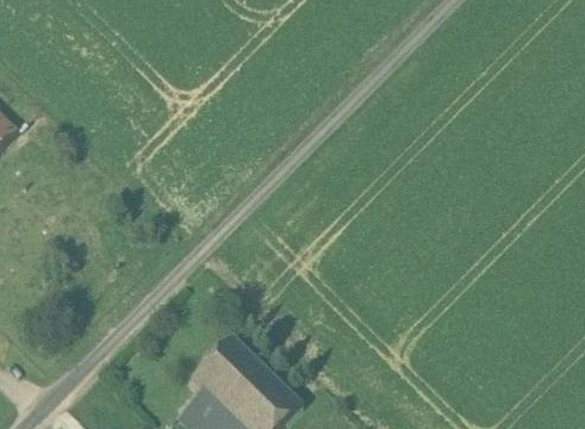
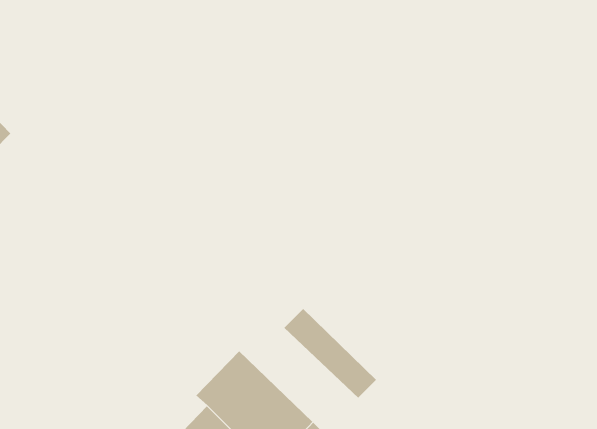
building: none -> [283,308,377,399]

